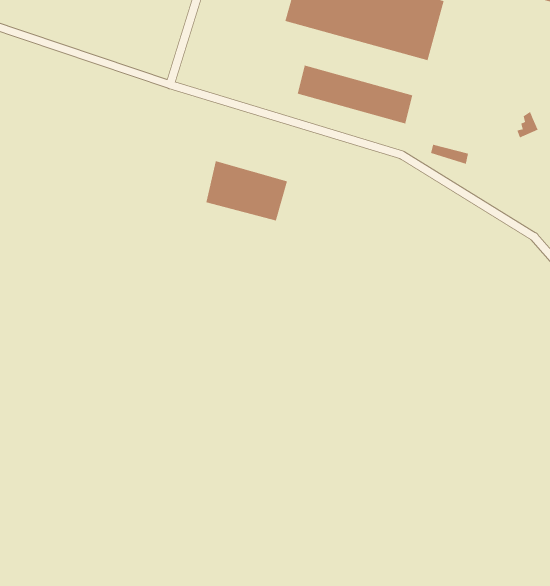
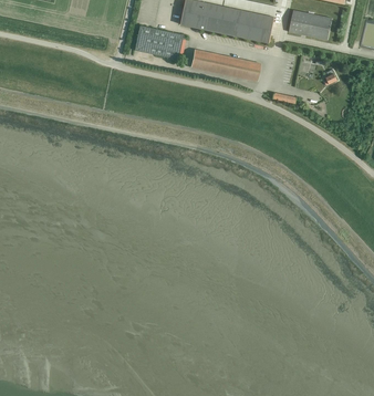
building: none -> [288,9,332,39]
building: [206,161,288,221] -> [134,24,183,59]

